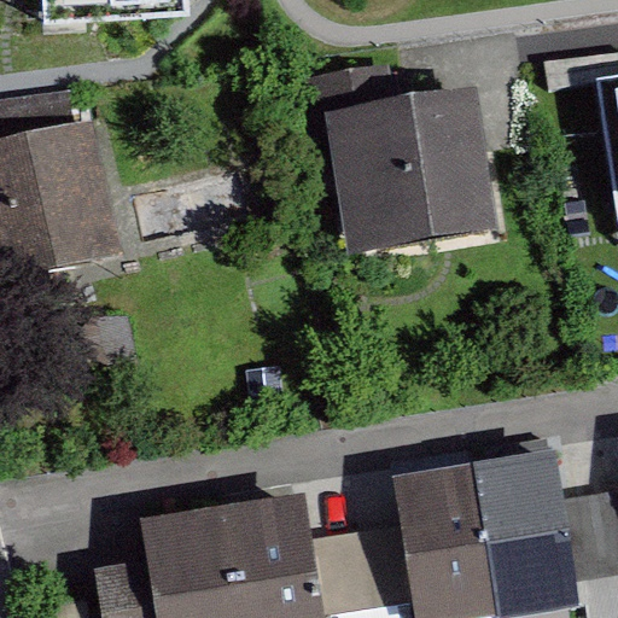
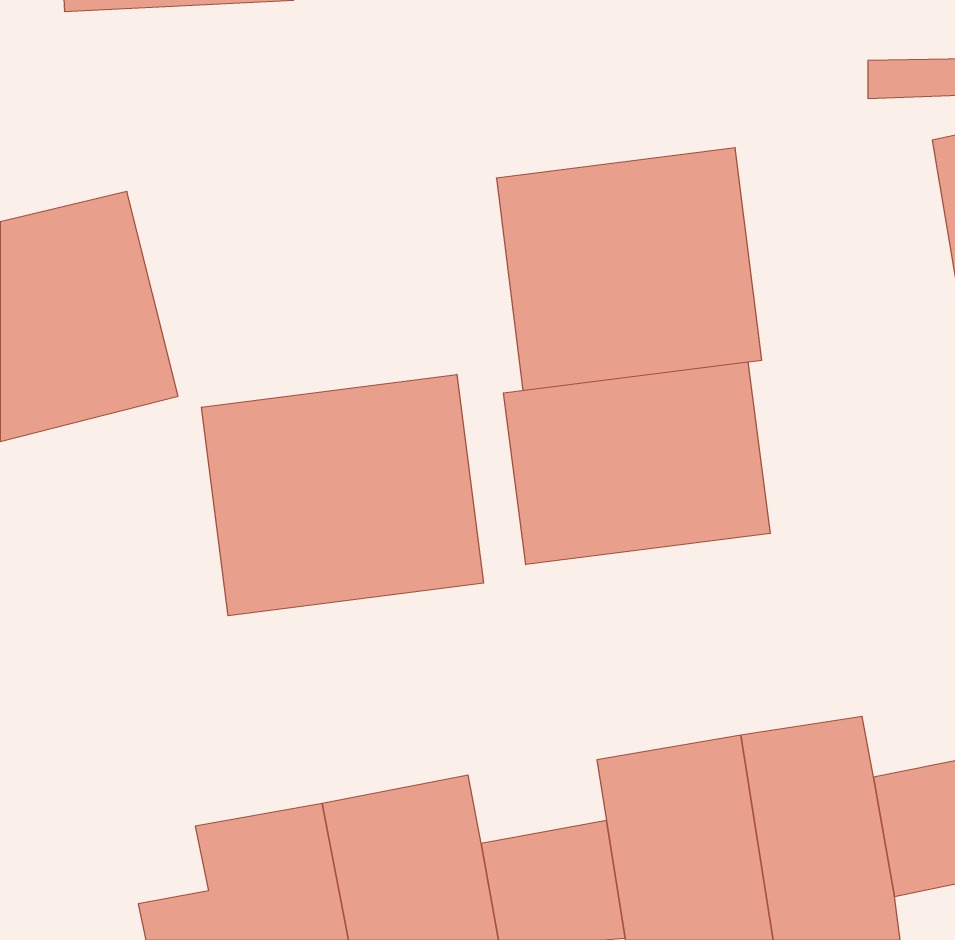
building: none -> [503,362,770,565]
building: none -> [202,374,483,616]

